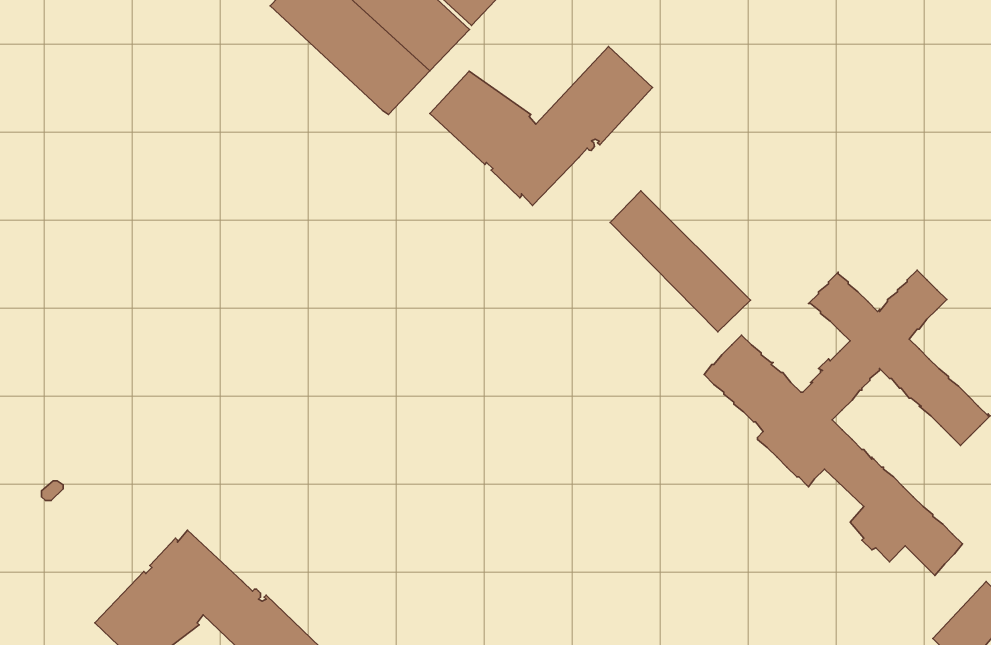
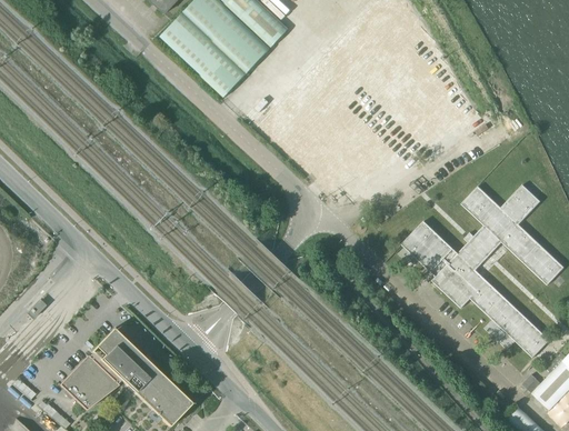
building: [430,46,652,206] -> none
building: [610,191,750,332] -> none

